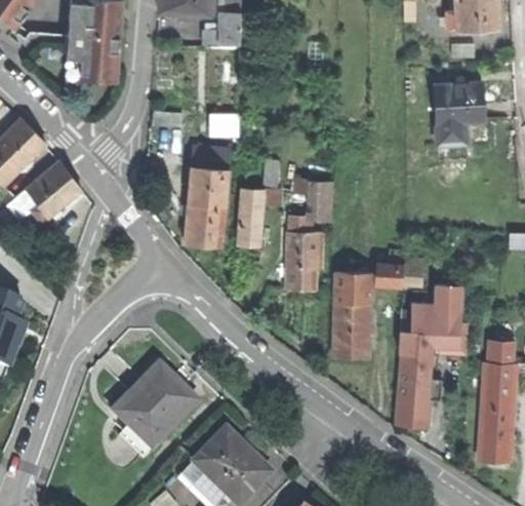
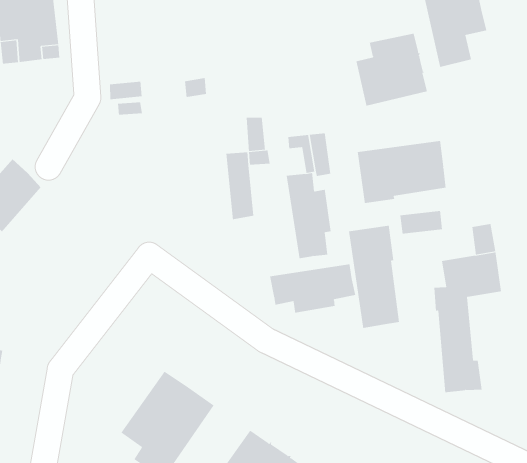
building: none -> [356,33,427,107]
building: [186,148,231,245] -> none
building: none -> [357,140,446,204]
building: none -> [270,263,356,313]

